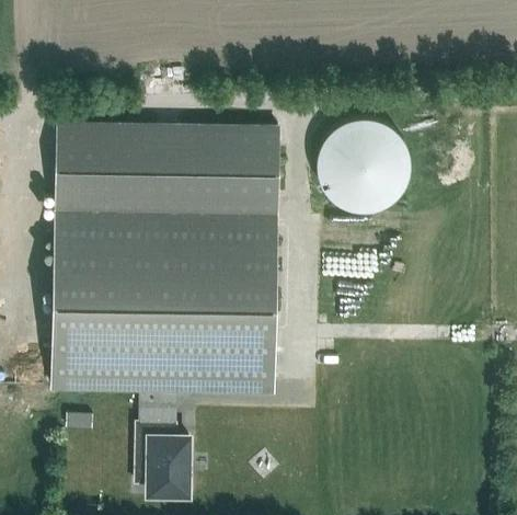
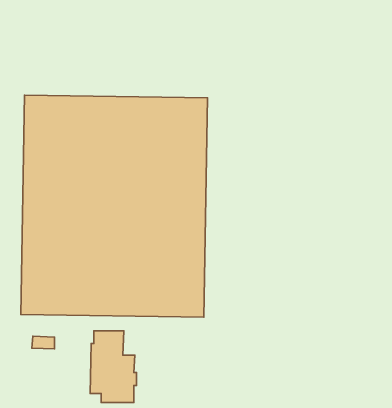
building: [319,119,413,214] -> none

